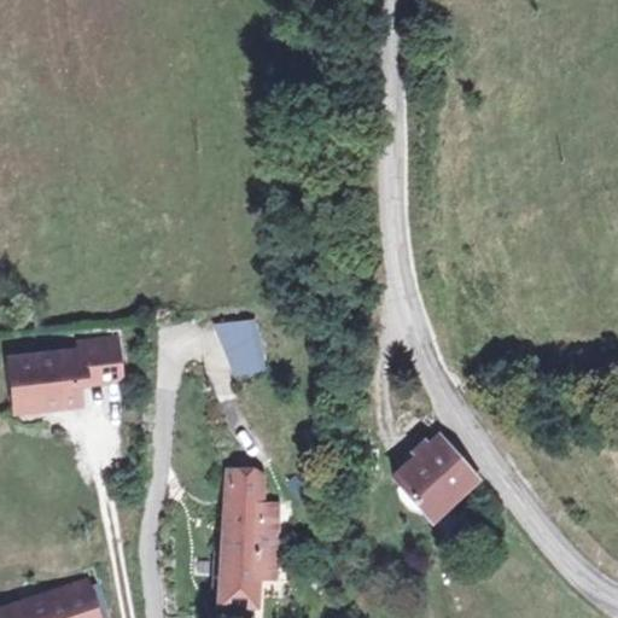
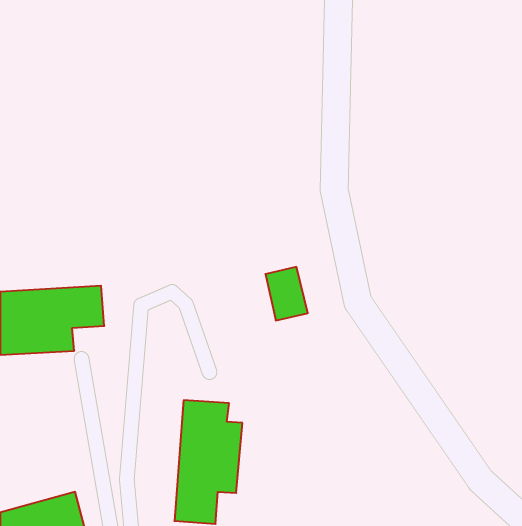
building: [222,316,272,379] -> [265,267,308,320]
building: [385,431,483,527] -> none

